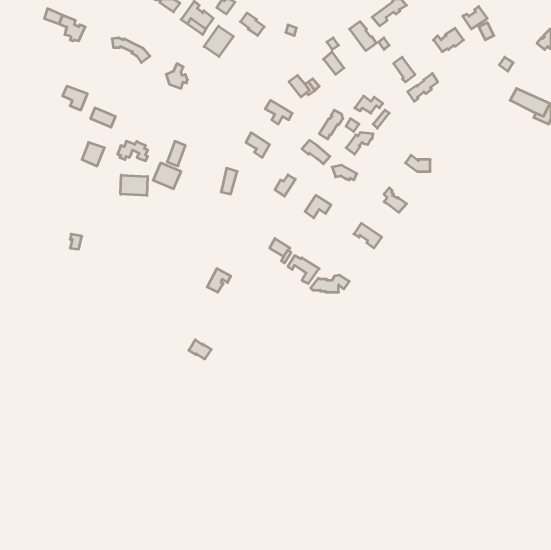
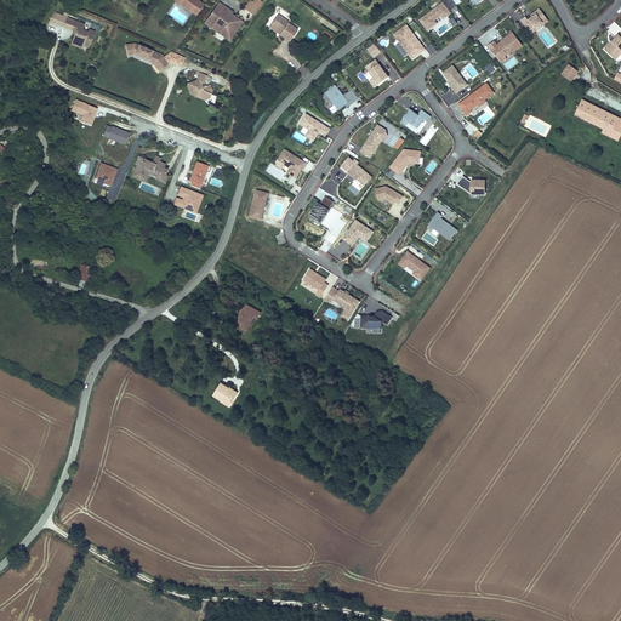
building: [204,26,233,57] -> none
building: [121,175,148,196] -> none

